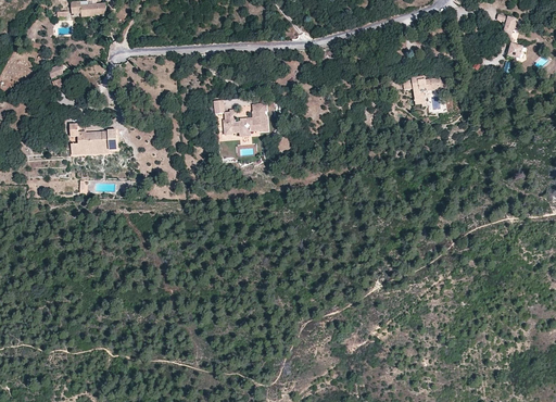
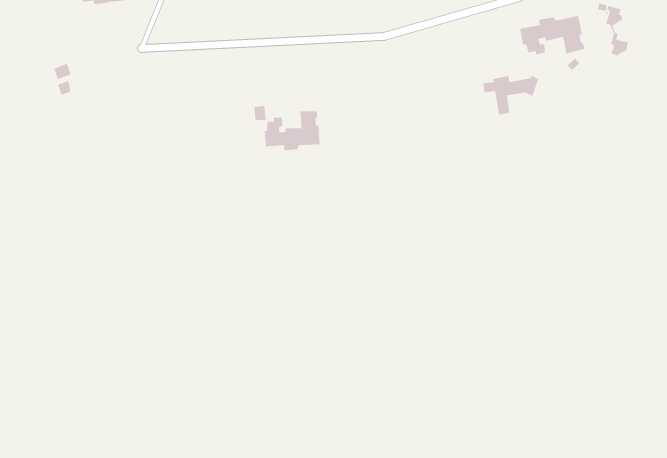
building: none -> [519,15,585,56]
building: [72,123,118,154] -> none

